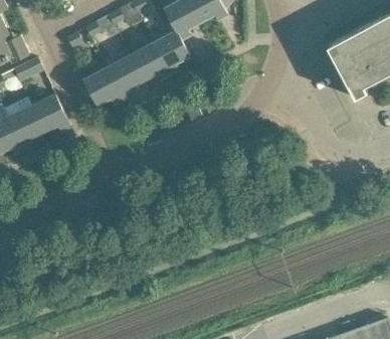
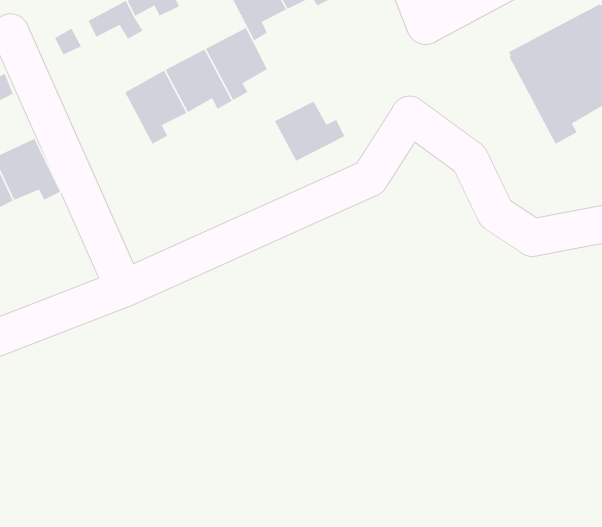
building: [83,68,123,105] -> none
building: none -> [274,100,345,162]

